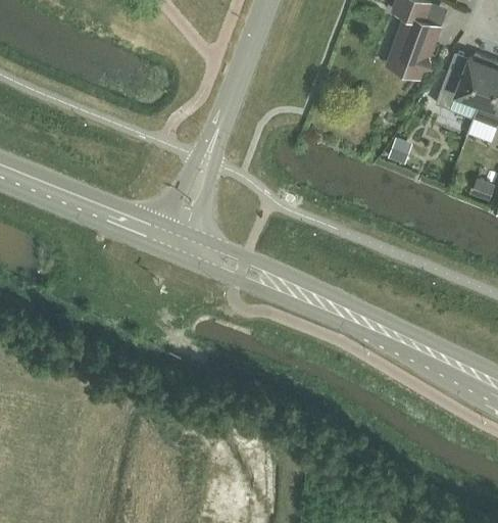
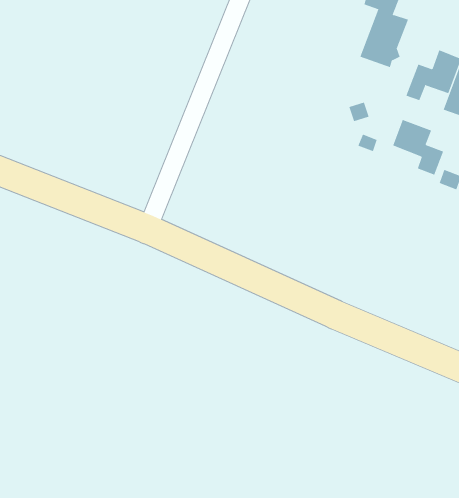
building: none -> [392,119,444,176]

